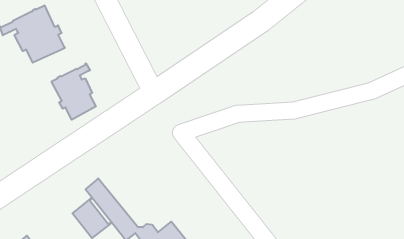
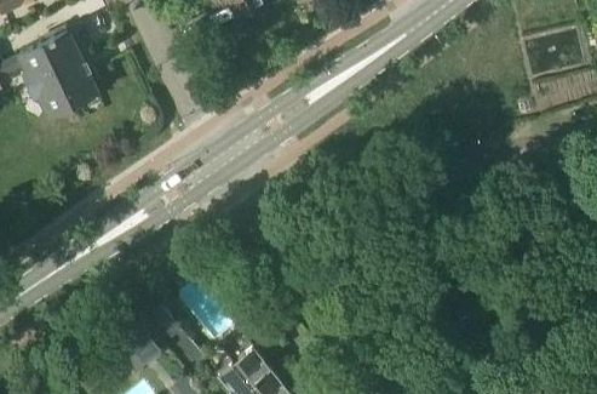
building: [52,63,96,120] -> none

